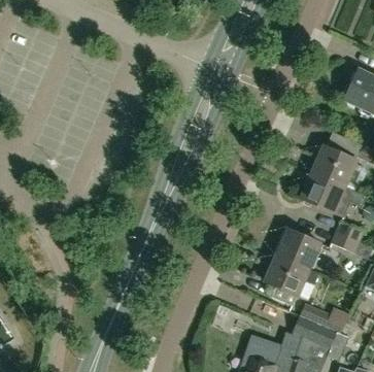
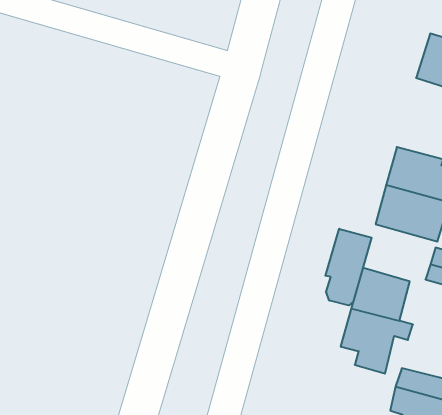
building: none -> [325,229,372,305]

